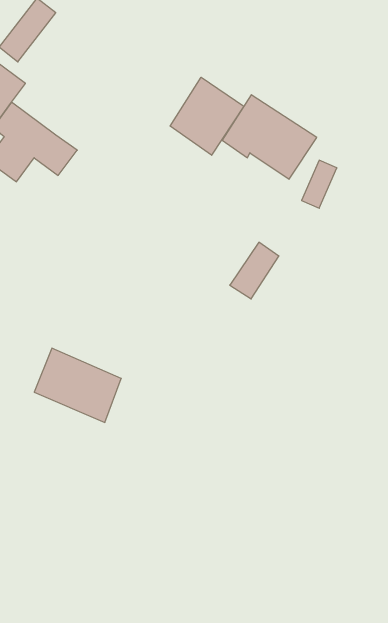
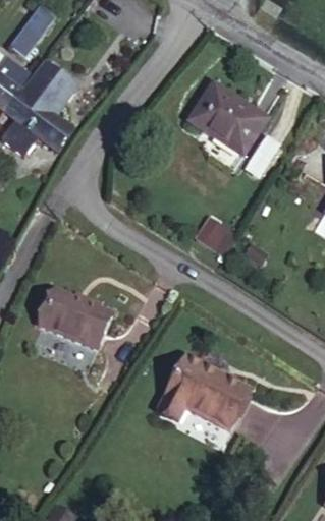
building: none -> [18,60,75,116]
building: [170,77,244,155] -> none
building: none -> [158,355,251,429]

